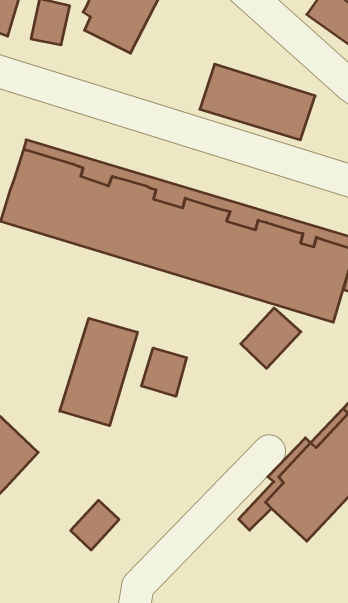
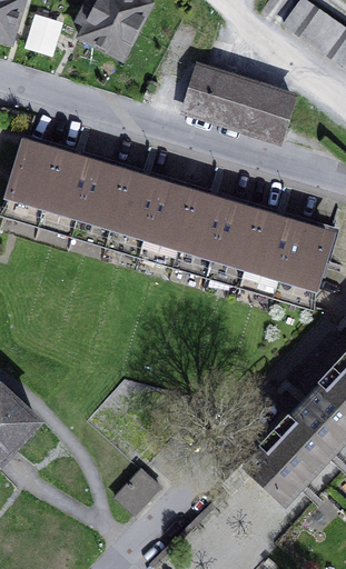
building: [241,308,301,368] -> none
building: [60,318,137,426] -> none
building: [141,348,187,396] -> none
building: [71,500,119,550] -> [117,469,161,515]

